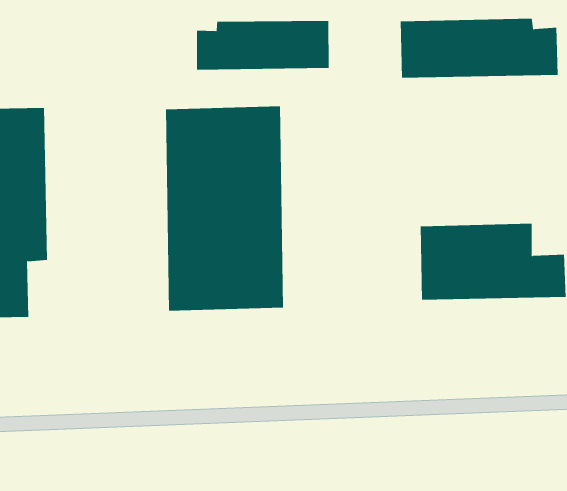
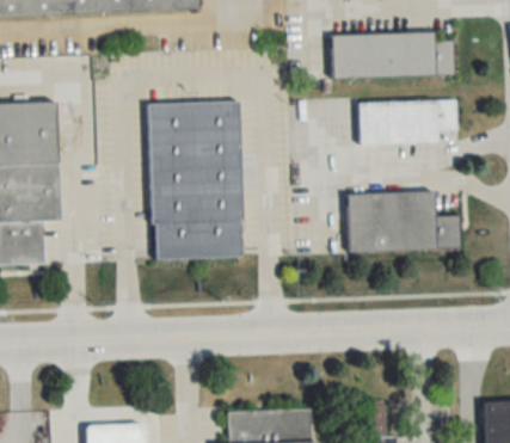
building: [196,20,329,70] -> none
building: none -> [358,100,455,143]

